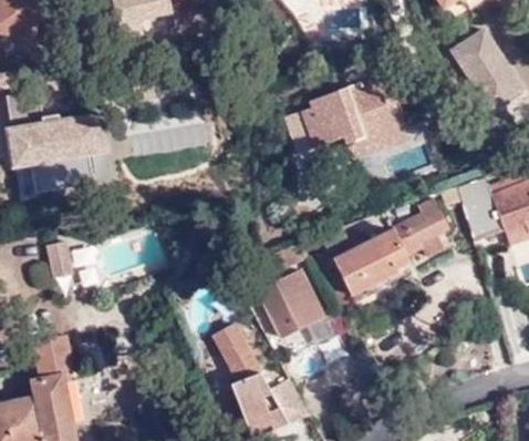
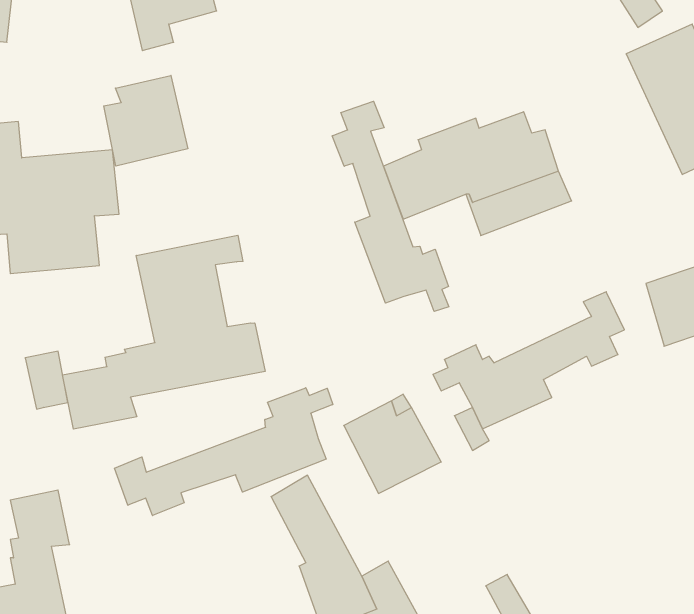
building: none -> [104,75,188,166]
building: none -> [332,101,449,311]
building: none -> [63,235,265,429]
building: none -> [114,388,333,516]

